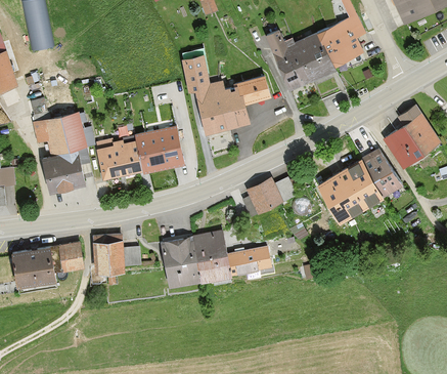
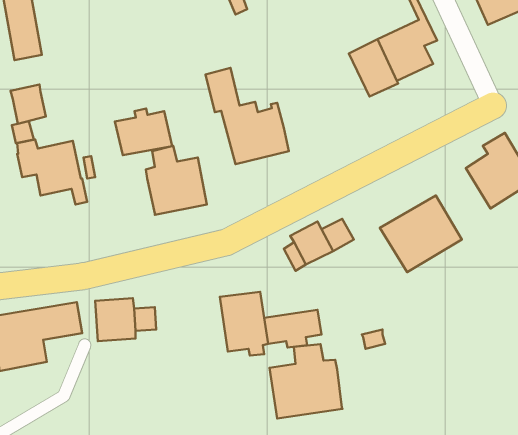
building: [266,32,311,89] -> none
building: none -> [11,84,46,124]
building: [238,78,269,103] -> none
building: [97,141,142,178] -> [115,108,172,155]
building: [363,147,401,192] -> none
building: [42,152,84,192] -> none
building: [160,237,199,285] -> none
building: none -> [270,344,342,418]

